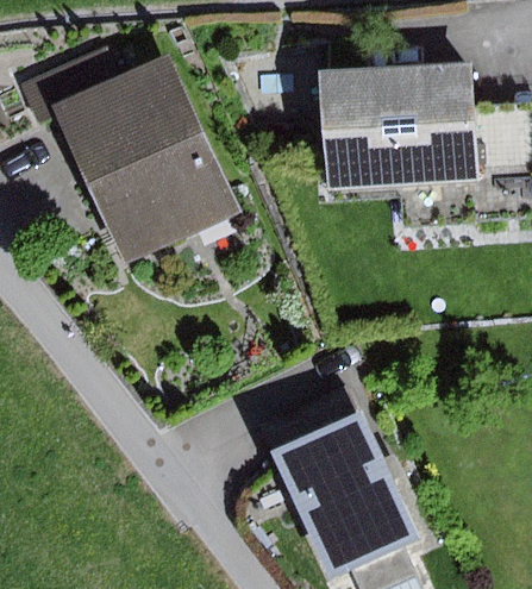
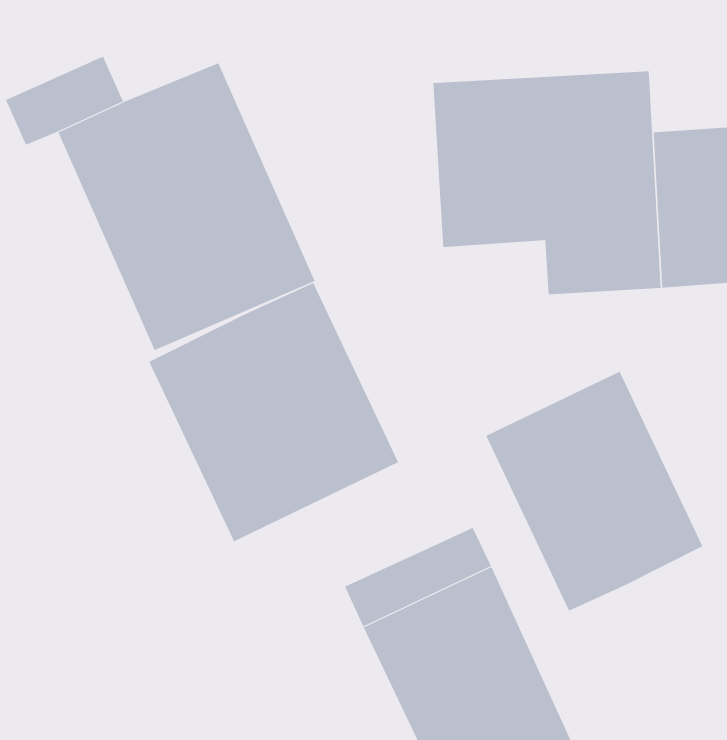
building: none -> [149,282,399,542]
building: none -> [486,371,703,612]

